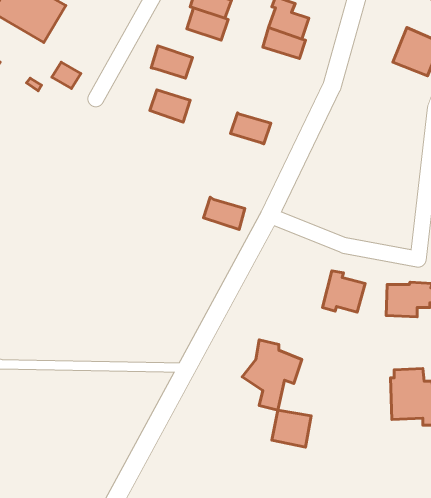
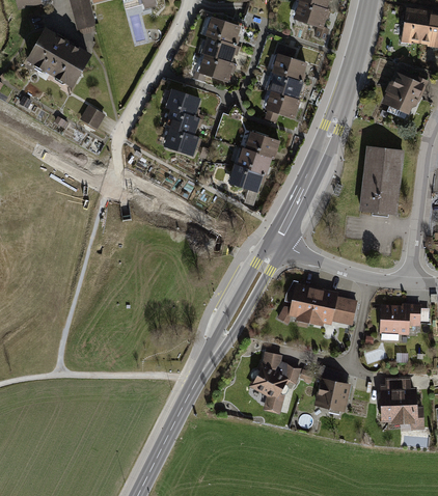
building: none -> [263,90,302,122]
building: none -> [165,109,201,136]
building: none -> [244,132,281,159]
building: none -> [356,143,400,212]
building: [203,197,245,229] -> [227,165,265,194]
building: none -> [275,282,328,325]
building: [272,410,311,447] -> [313,380,349,413]

